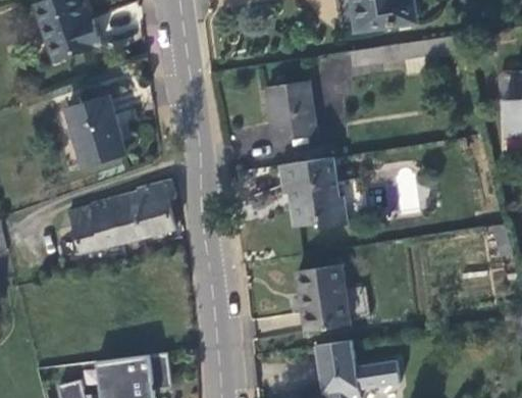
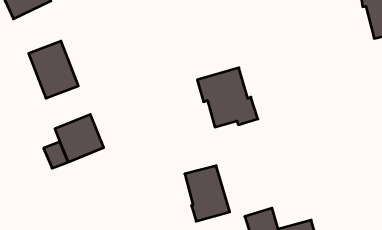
building: [266,81,315,146] -> none
building: [136,179,175,235] -> none
building: [297,264,347,331] -> [185,166,230,221]

